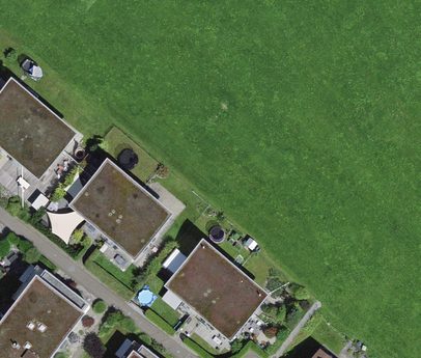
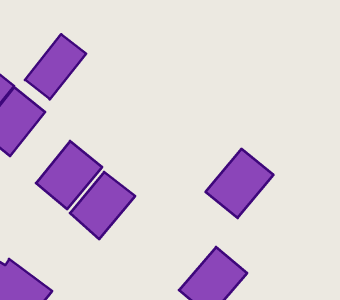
building: none -> [25,34,86,99]
building: [176,244,247,315] -> [206,149,273,218]

